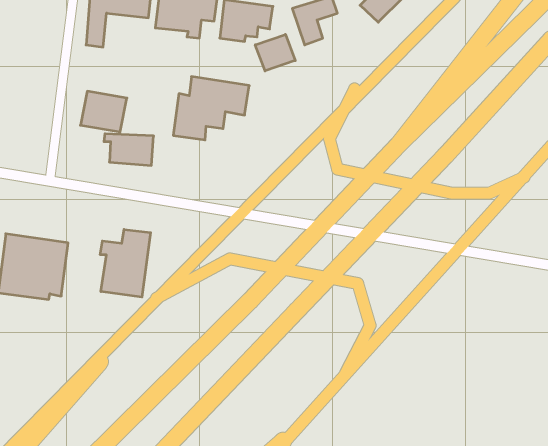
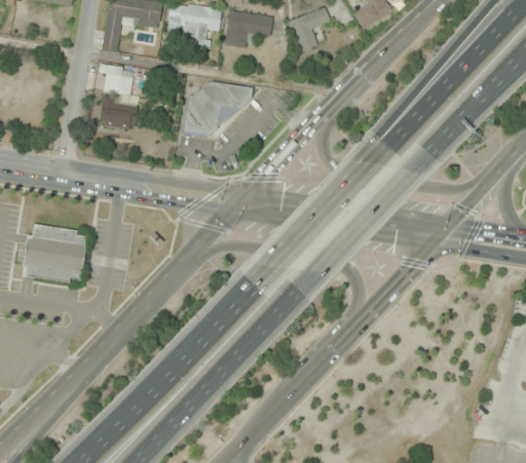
building: [255,34,295,71] -> none
building: [104,134,154,165] -> [100,66,145,94]
building: [100,229,151,297] -> none

